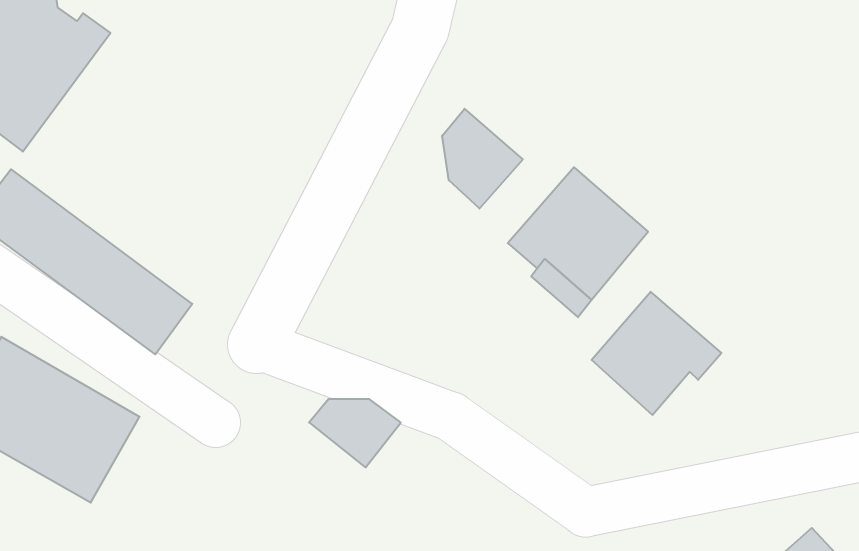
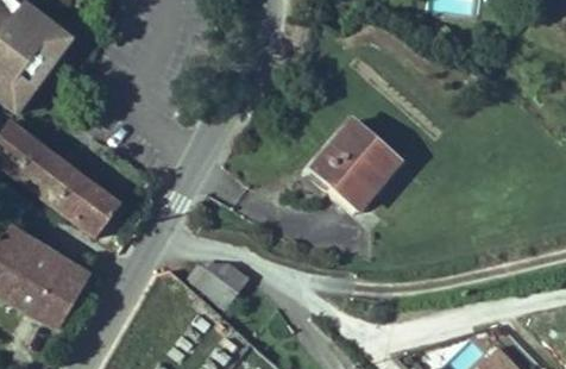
building: [442,109,523,209] -> none
building: [592,292,721,415] -> none

